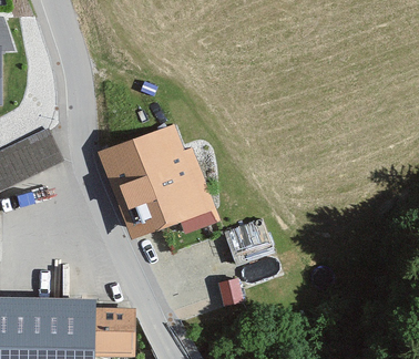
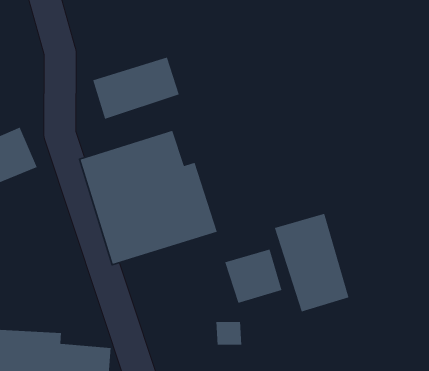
building: none -> [92,57,180,120]
building: none -> [274,213,350,313]

